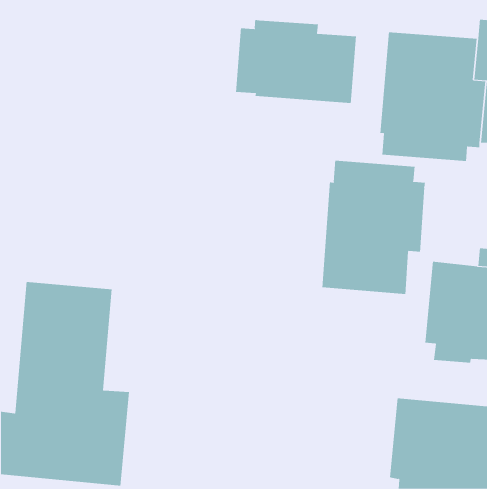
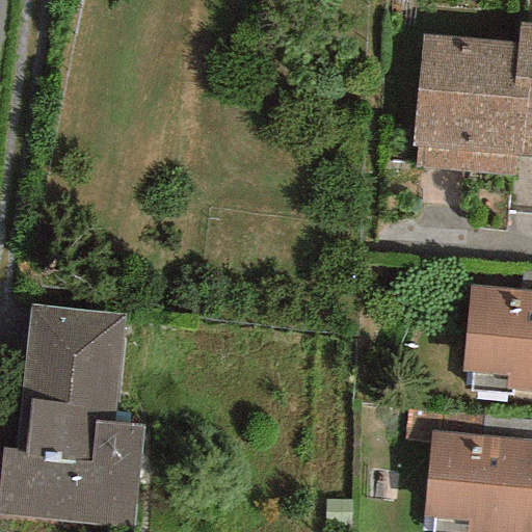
building: [236,19,357,104] -> none
building: [322,160,425,295] -> none

